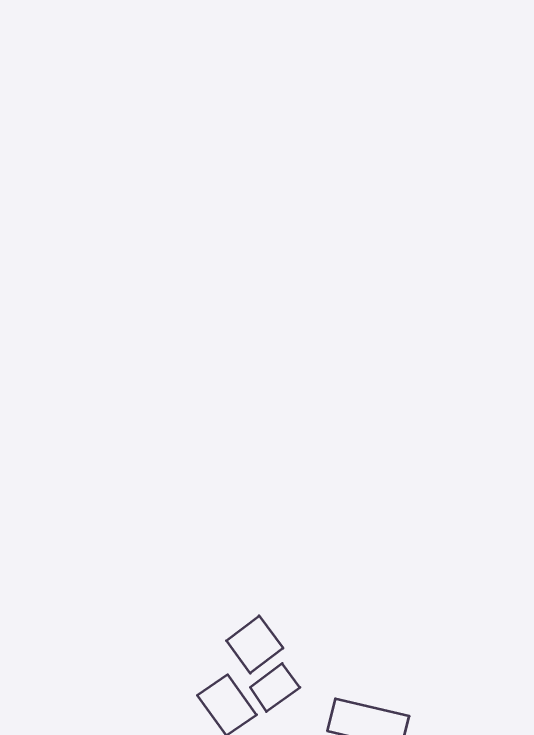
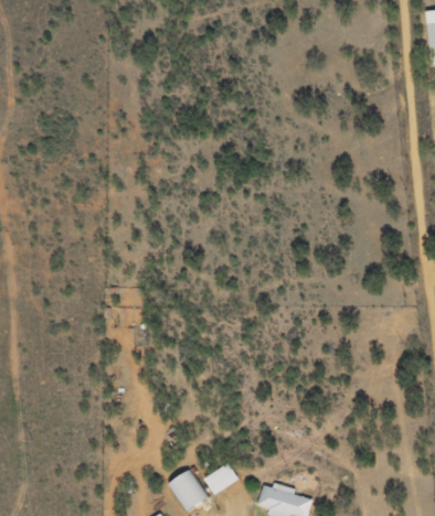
building: [226,616,283,673] -> none

